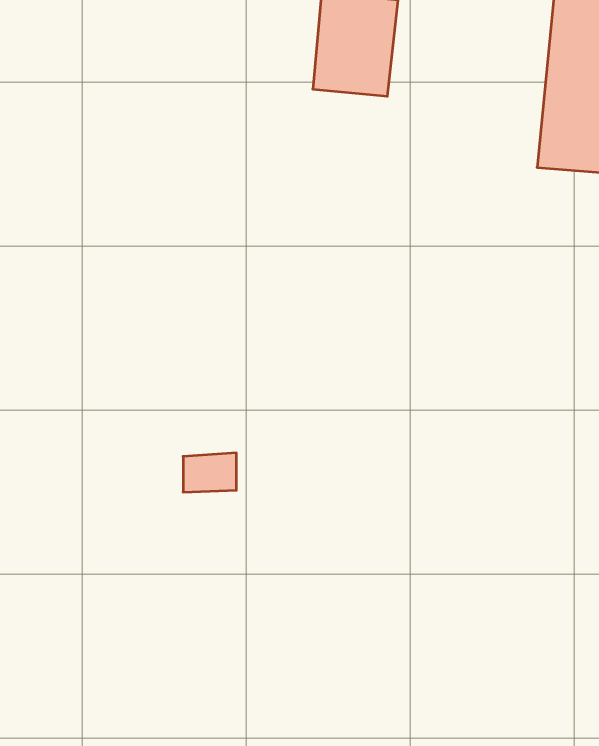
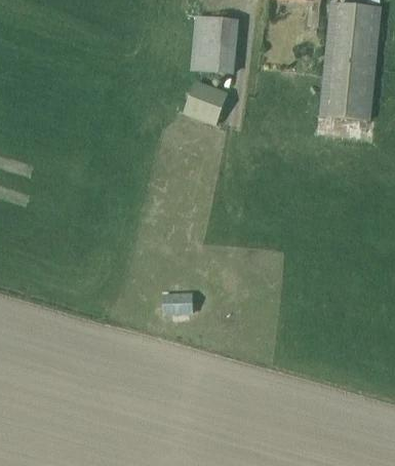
building: none -> [183,80,228,125]
building: [183,453,236,492] -> [162,292,193,314]

